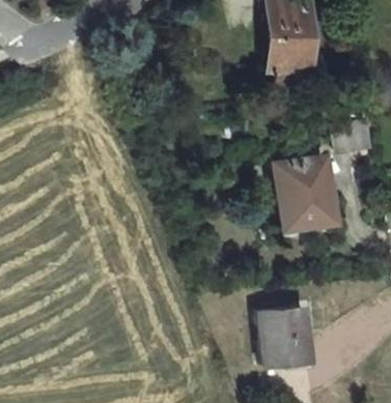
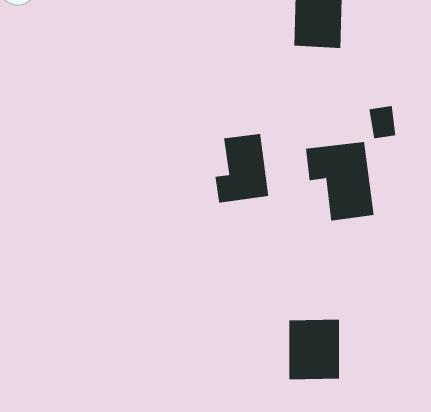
building: none -> [215,133,269,204]

